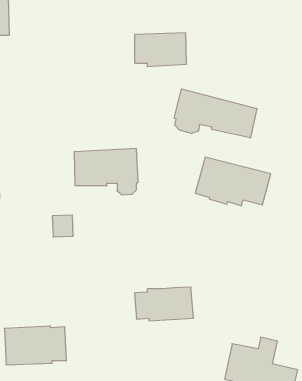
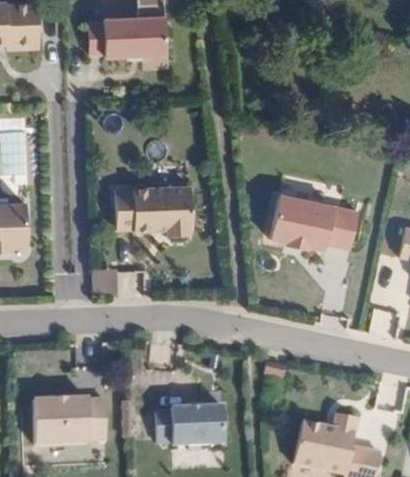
building: [135,33,187,67] -> [105,17,167,57]
building: [174,89,257,138] -> none
building: [135,287,193,321] -> [153,403,224,444]

